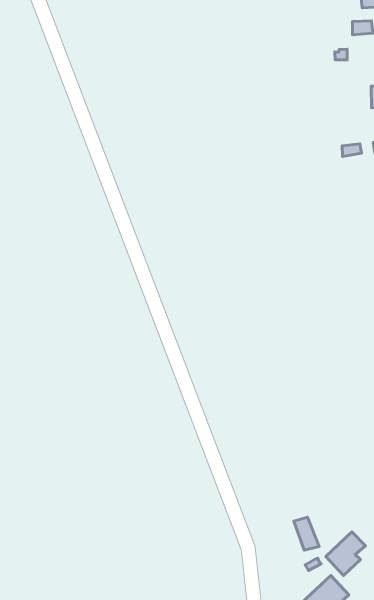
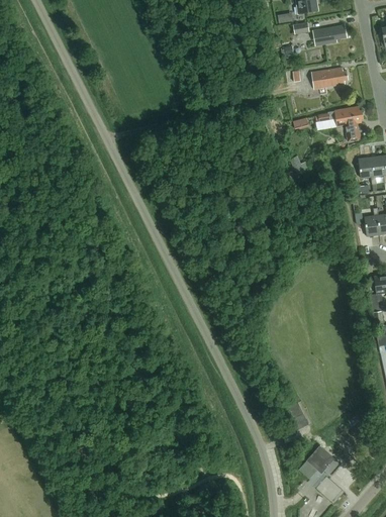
building: [326,532,365,575] -> none

